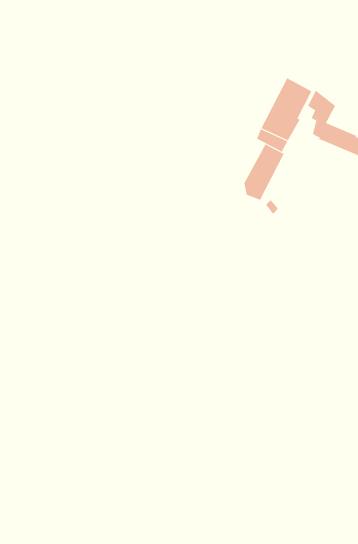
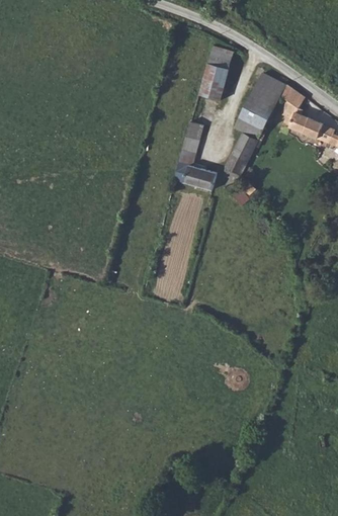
building: none -> [199,45,232,98]
building: none -> [175,122,219,190]

